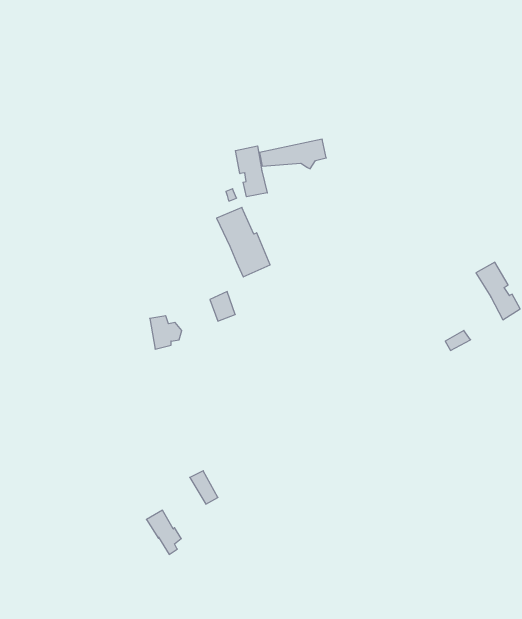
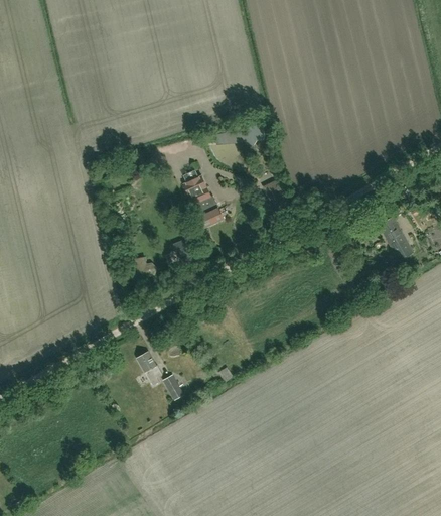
building: [235,146,267,197] -> none
building: [146,510,181,554] -> [136,352,162,385]

